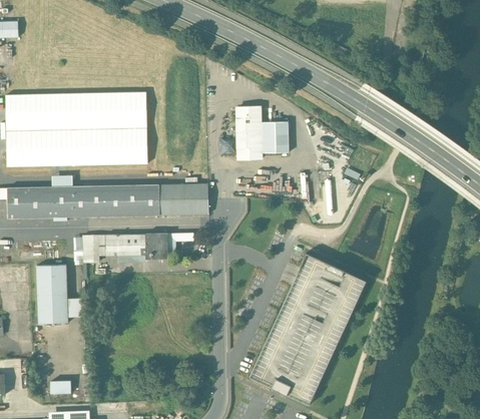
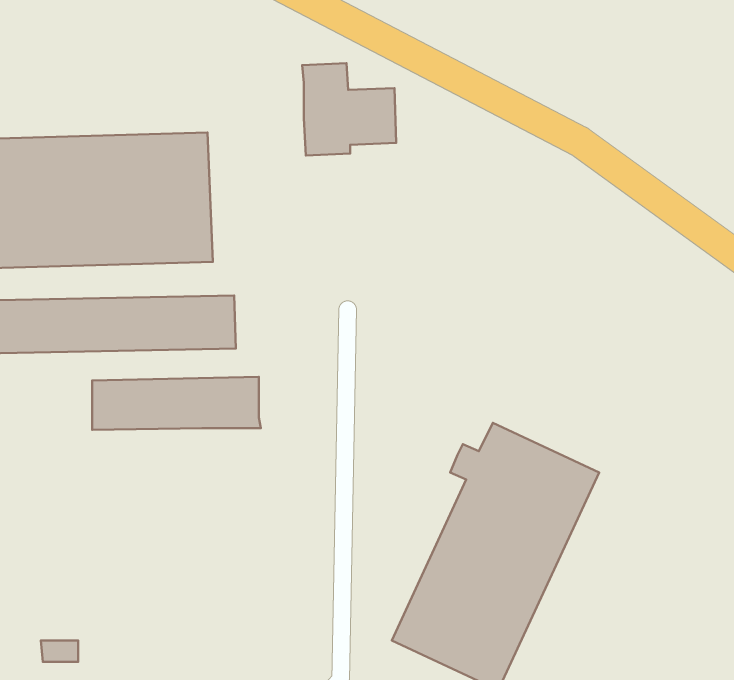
building: [235,106,289,158] -> [302,63,396,155]
building: [159,183,208,215] -> none
building: [36,264,68,323] -> none

